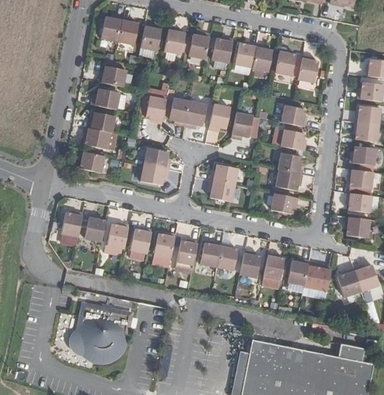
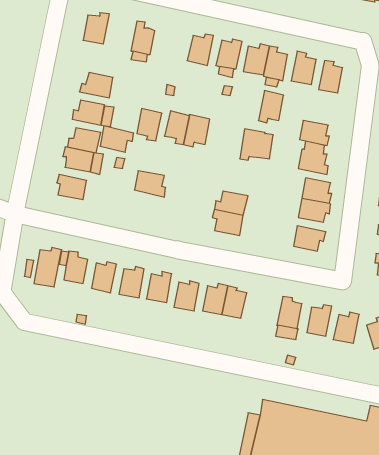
building: [117,16,138,44] -> none
building: [163,26,184,54] -> none
building: [208,103,229,130] -> [258,91,284,123]
building: [140,163,168,185] -> [100,126,134,152]
building: [239,250,259,277] -> none
building: [68,300,134,363] -> none

